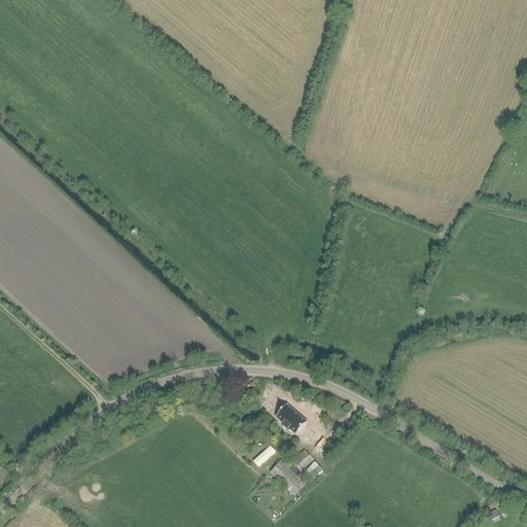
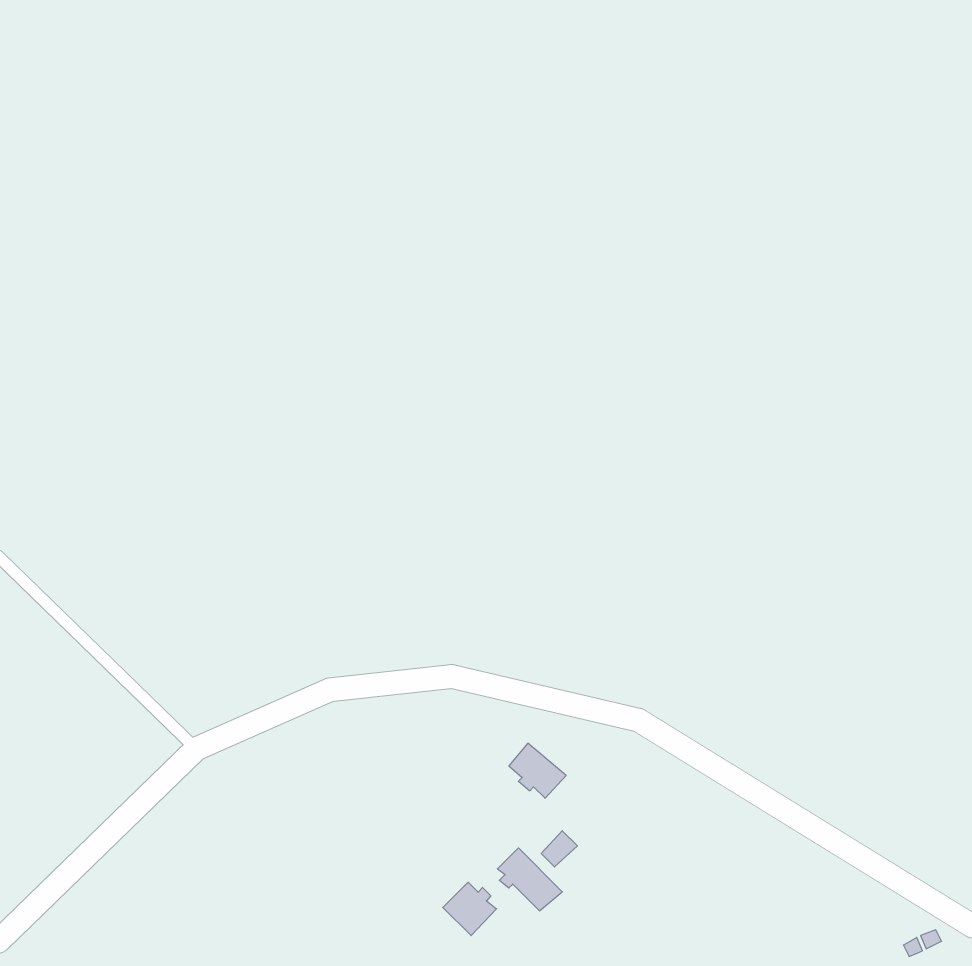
building: none -> [443,882,497,936]

